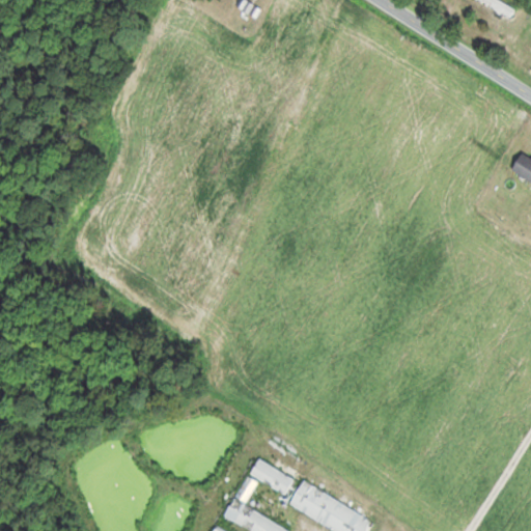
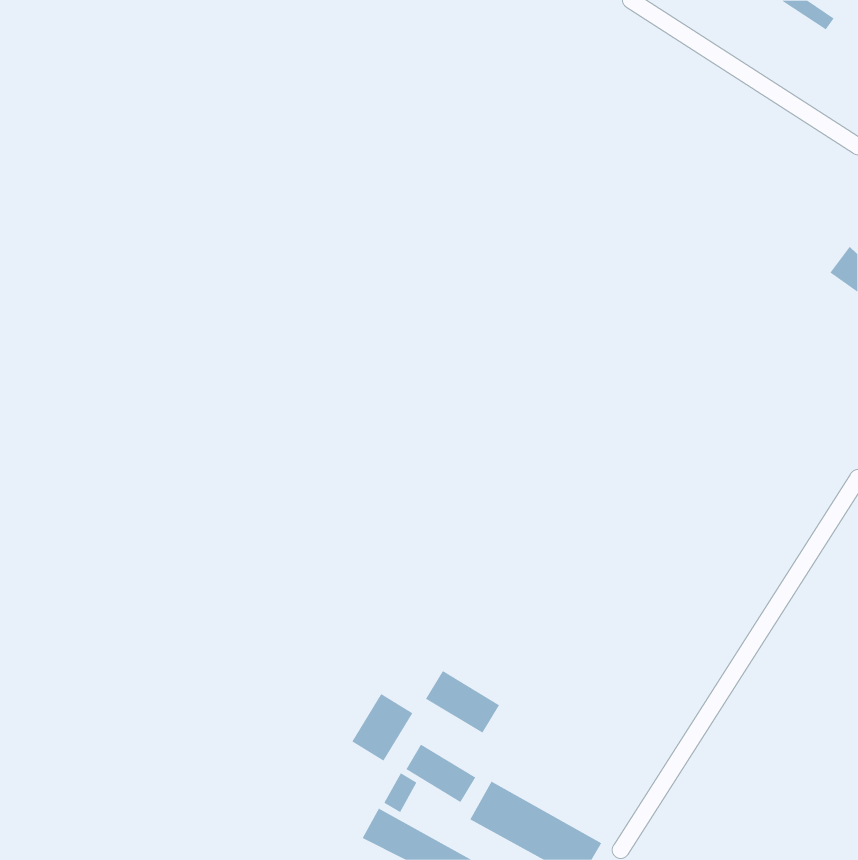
building: none -> [425,670,500,734]
building: none -> [351,693,413,762]

